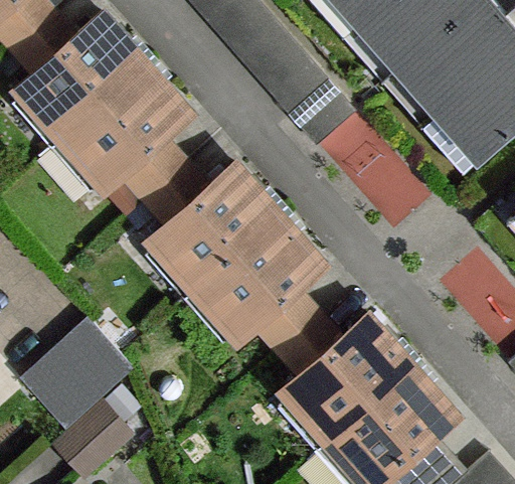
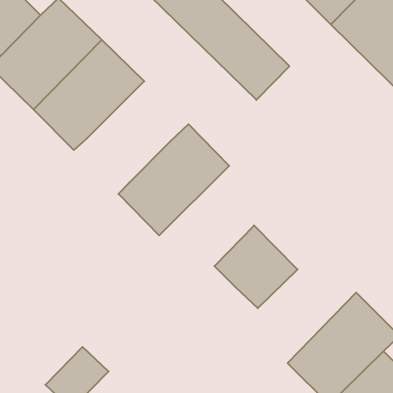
building: [120,131,212,224] -> none
building: [193,213,319,336] -> none
building: [283,315,408,438] -> none
building: [21,340,108,427] -> none

